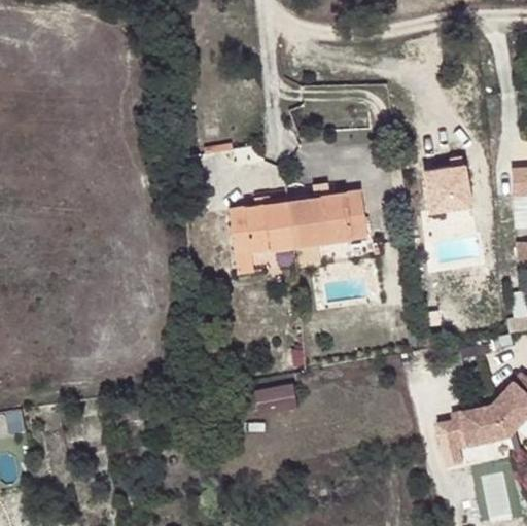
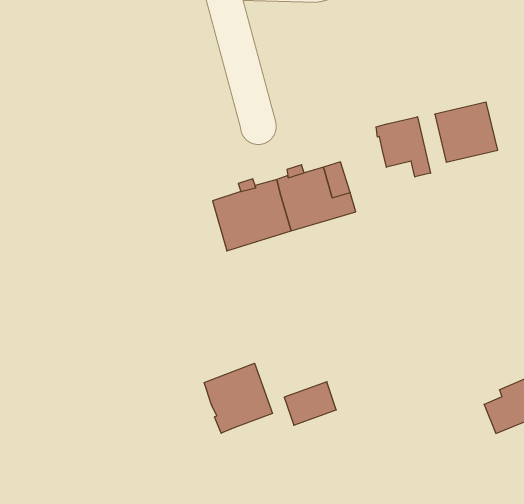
building: none -> [376,117,431,177]
building: none -> [204,363,272,433]

